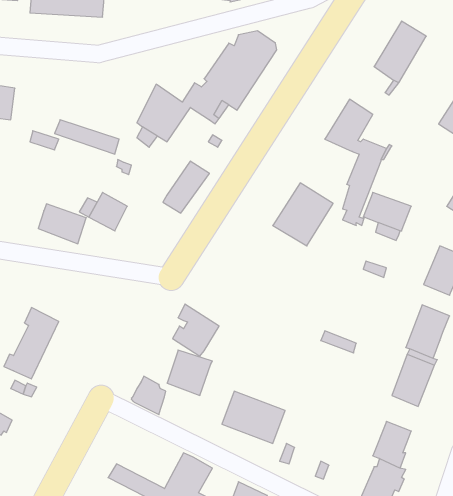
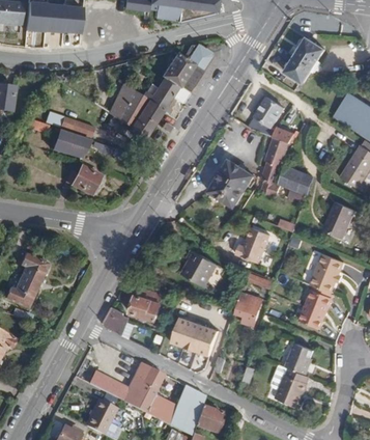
building: [163,161,209,213] -> [125,102,161,141]
building: [38,204,86,244] -> [51,130,87,160]
building: none -> [234,226,268,264]
building: [173,304,219,356] -> [184,248,220,287]
building: none -> [235,290,264,326]

